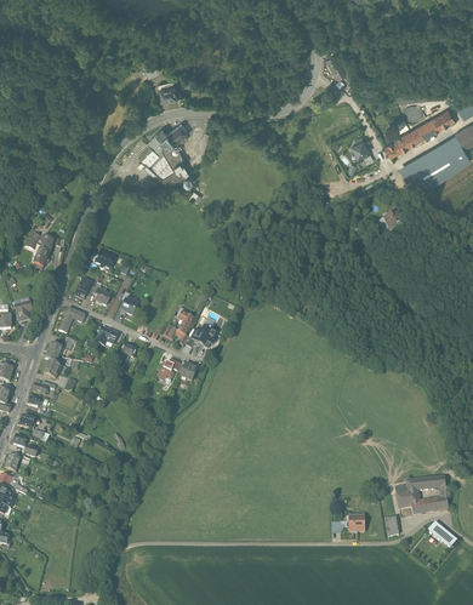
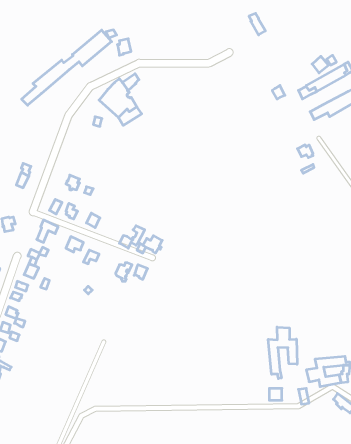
building: none -> [22,30,112,105]
building: none -> [268,327,297,379]

